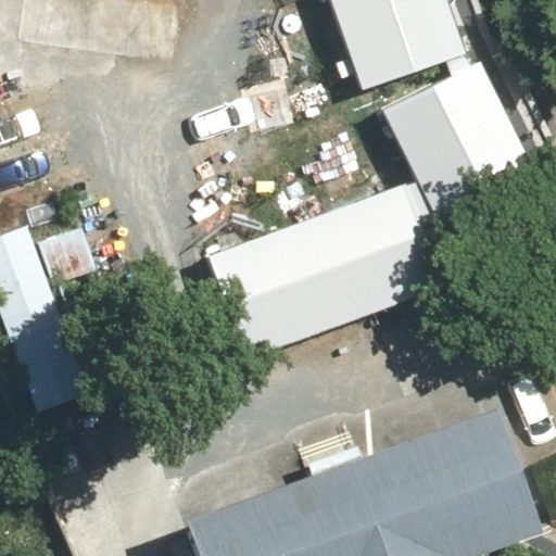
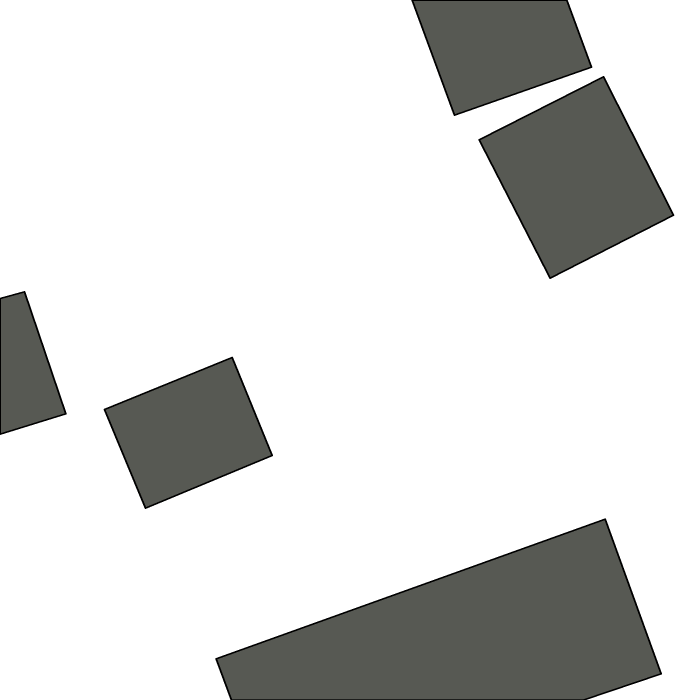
building: [207,182,443,354] -> none
building: none -> [105,358,272,508]

